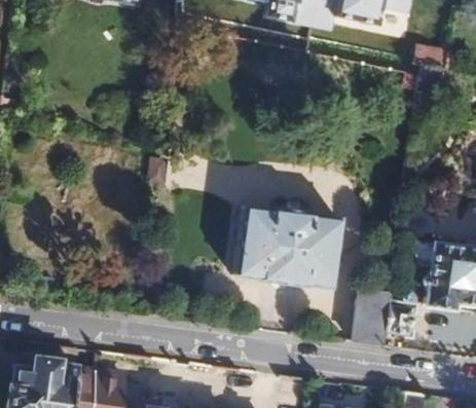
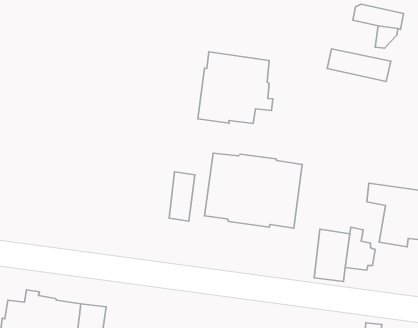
building: none -> [327,49,391,81]
building: none -> [198,52,273,124]
building: none -> [169,172,195,221]

